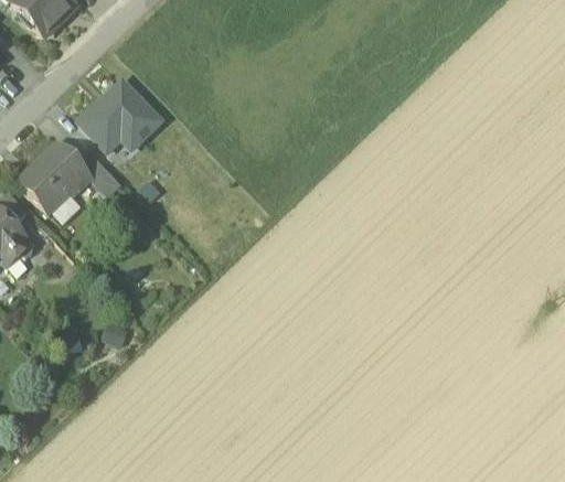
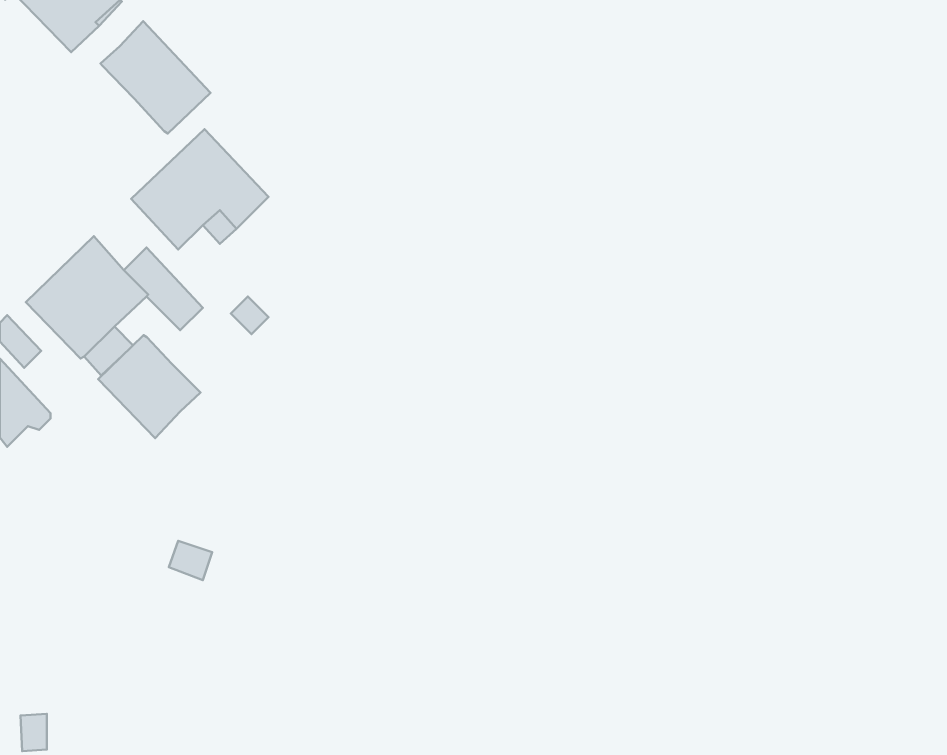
building: none -> [100,21,211,133]
building: none -> [98,335,200,438]

